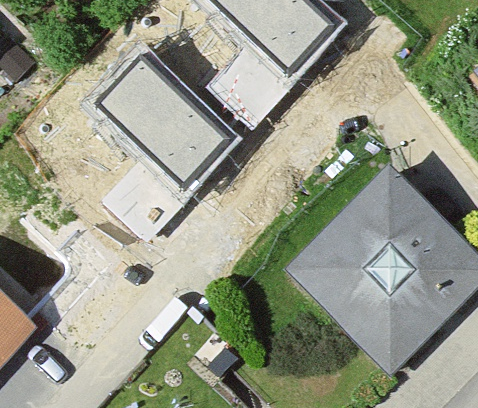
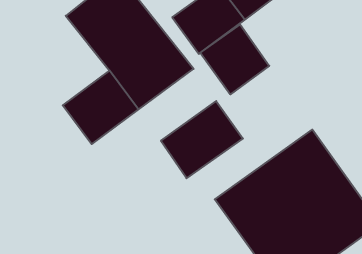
building: none -> [200,24,269,94]
building: none -> [161,101,243,178]

